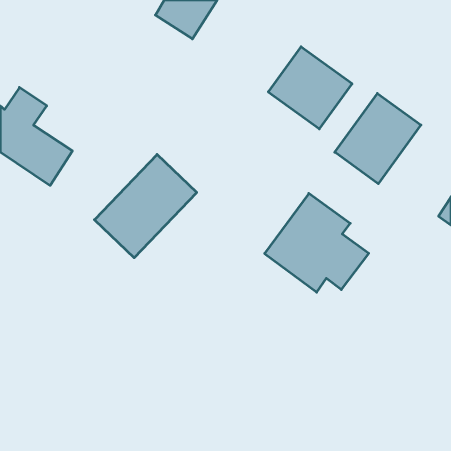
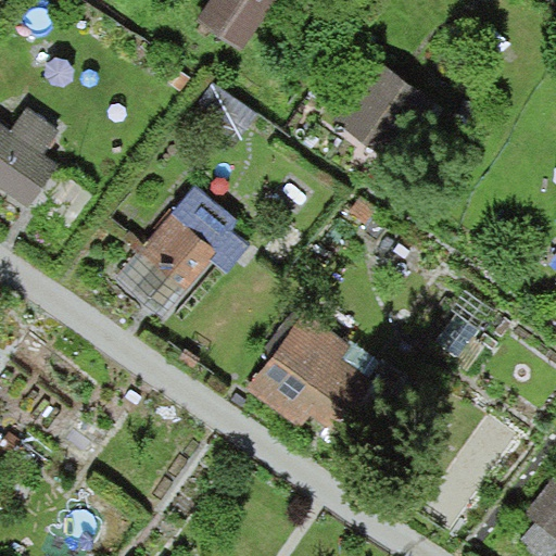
building: [335,93,421,184] -> none
building: [265,193,369,292] -> [244,309,372,431]

